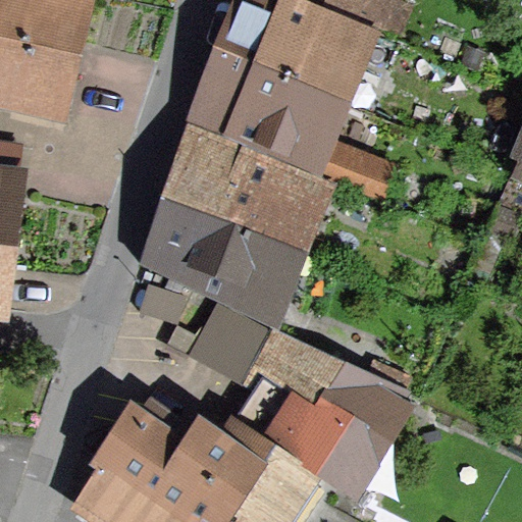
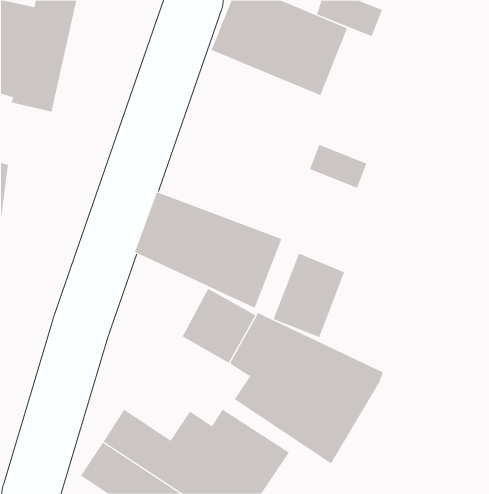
building: [199,53,344,171] -> none
building: [170,128,329,252] -> none
building: none -> [273,253,345,338]

